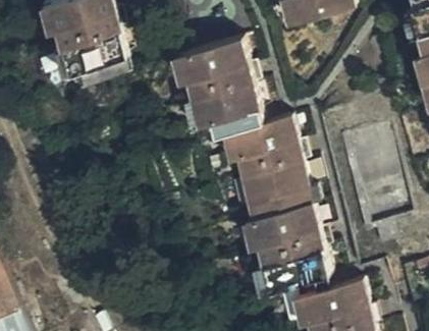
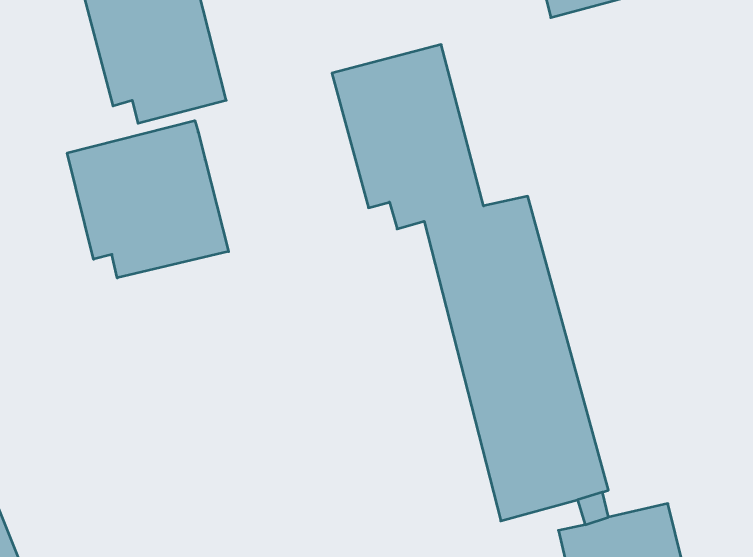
building: none -> [67,121,229,278]

